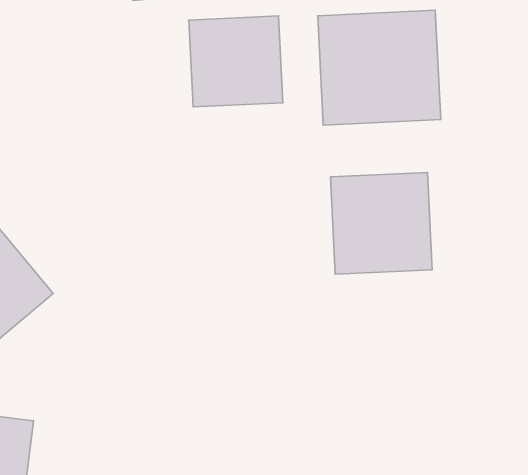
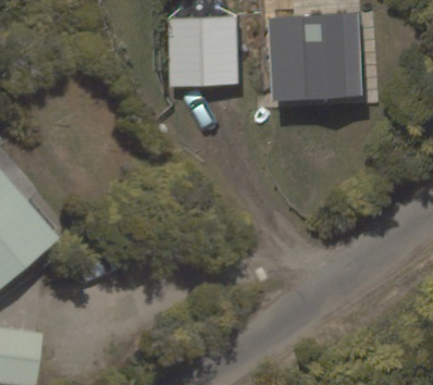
building: [331,172,432,274] -> none

